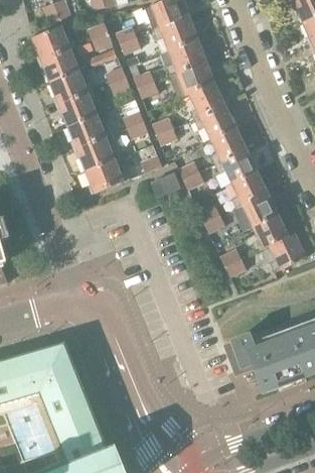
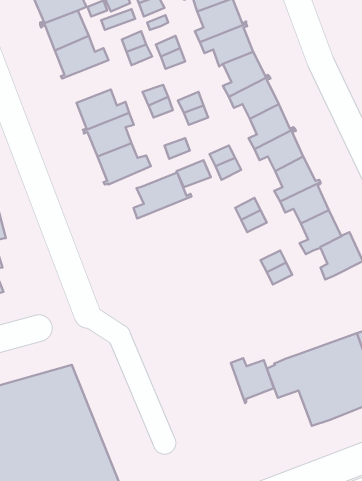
building: [55,91,97,126] -> none
building: none -> [134,173,191,219]
building: none -> [231,358,274,403]

